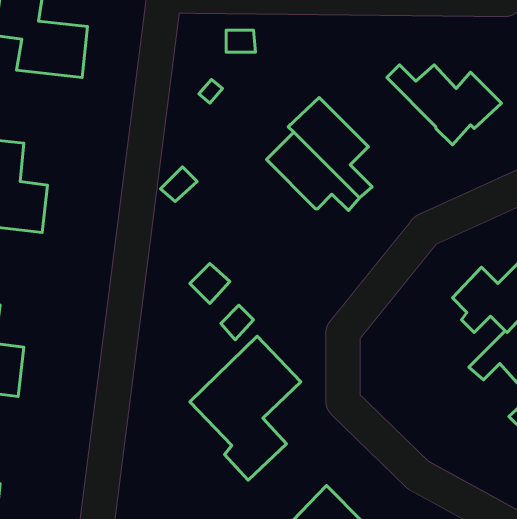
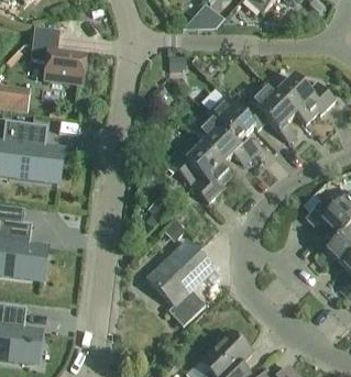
building: none -> [240,84,297,141]
building: none -> [166,133,234,202]

